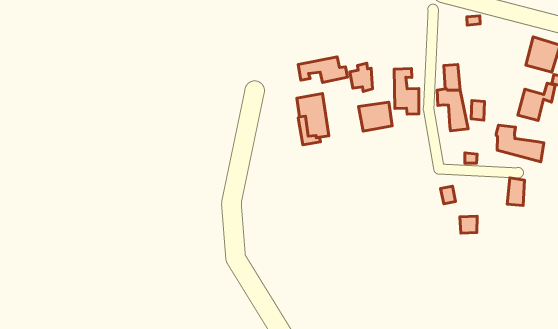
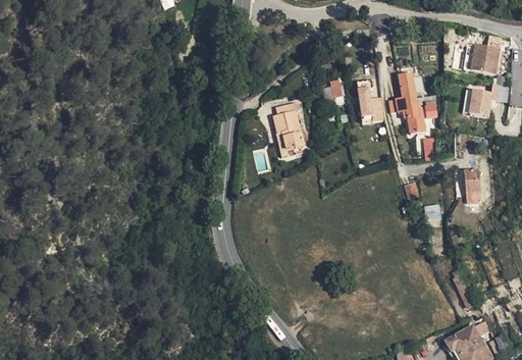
building: [298,57,348,83] -> none
building: [358,102,392,131] -> none
building: [496,125,544,162] -> none

